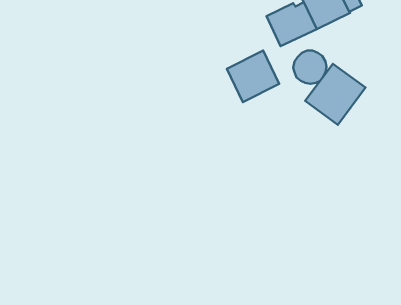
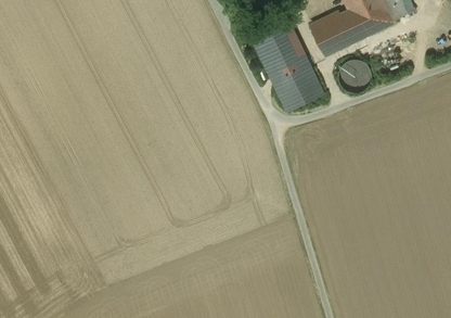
building: none -> [247,13,307,78]
building: [305,64,366,125] -> none

